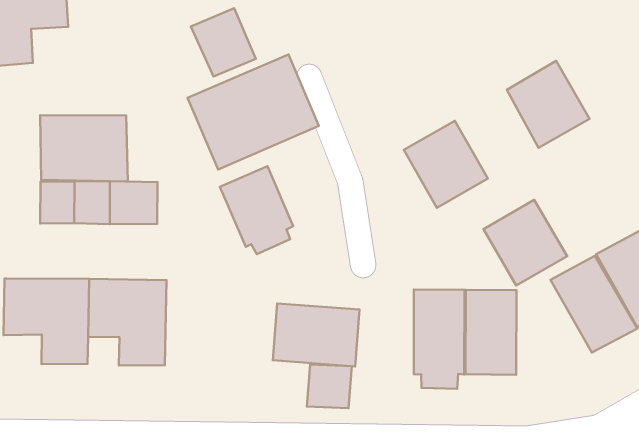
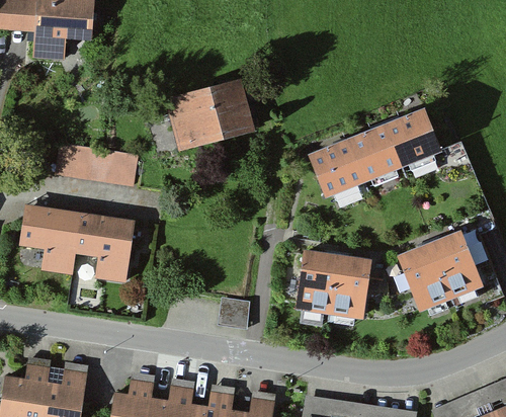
building: [191,8,256,77] -> none
building: [40,115,128,182] -> none
building: [220,166,293,254] -> none
building: [483,200,567,285] -> [346,126,401,182]
building: [273,303,359,366] -> none

